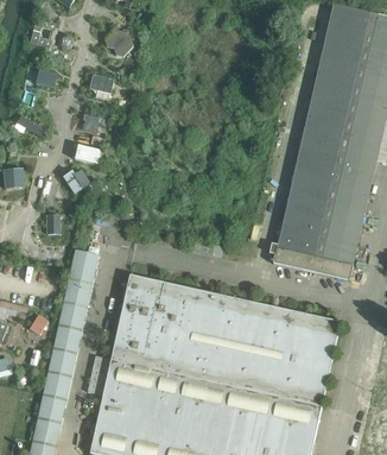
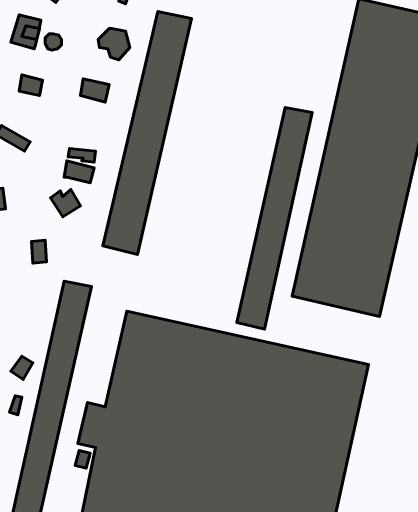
building: none -> [103,12,192,254]
building: none -> [237,108,312,329]

